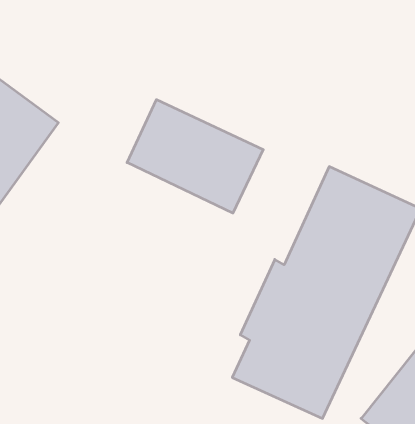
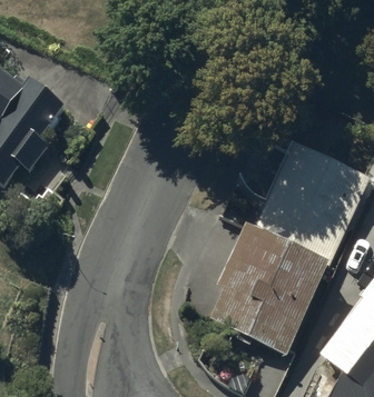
building: [127,100,263,213] -> none

